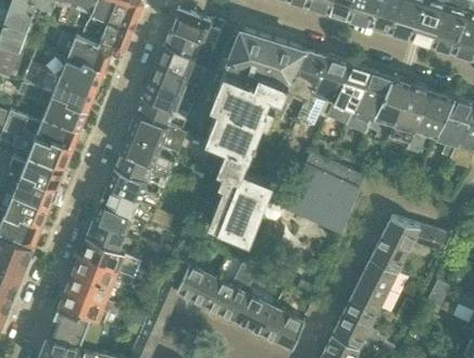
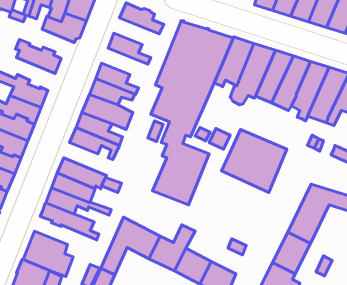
building: [164,25,216,55] -> none
building: [46,36,119,72] -> none
building: [150,60,203,90] -> none
building: [39,69,97,109] -> none
building: [107,169,160,207] -> none
building: [73,254,148,289] -> none

